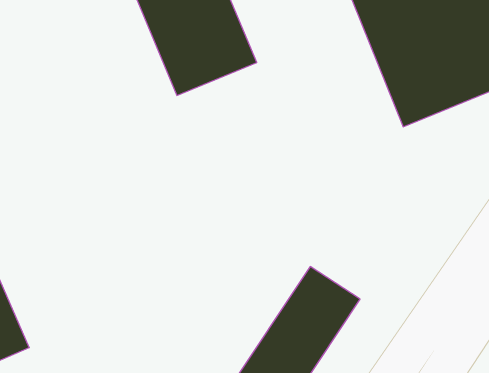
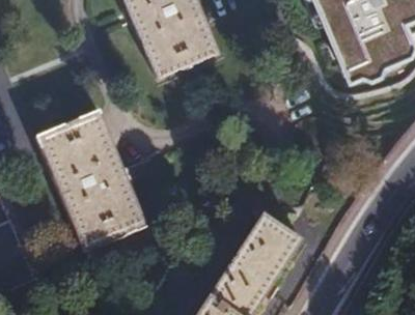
building: none -> [40,111,150,253]

